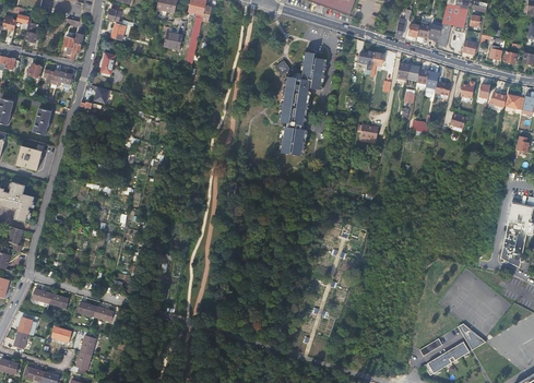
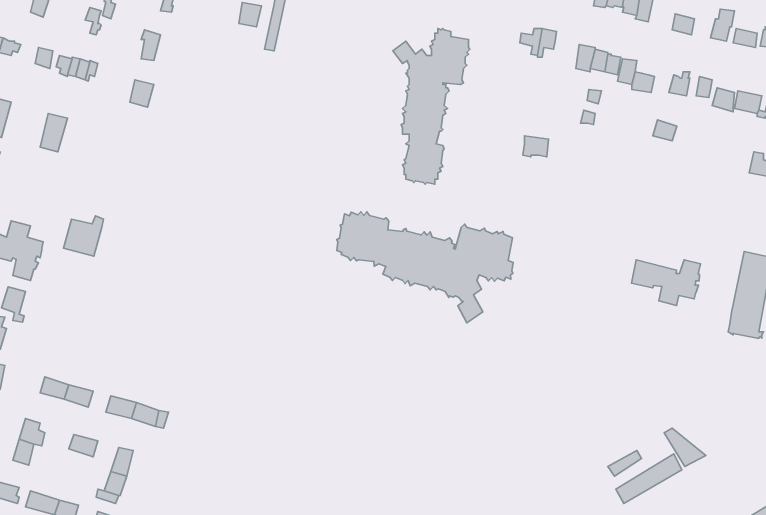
building: [16,143,44,170] -> [63,216,103,256]
building: none -> [337,212,513,323]
building: none -> [631,260,701,306]

